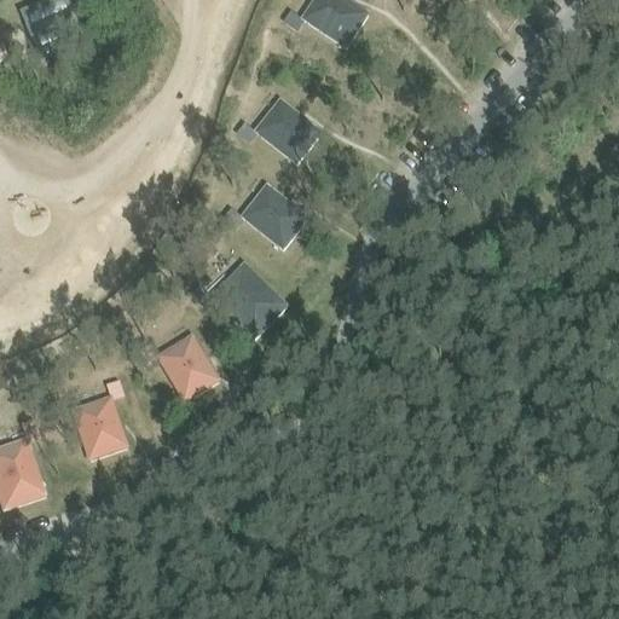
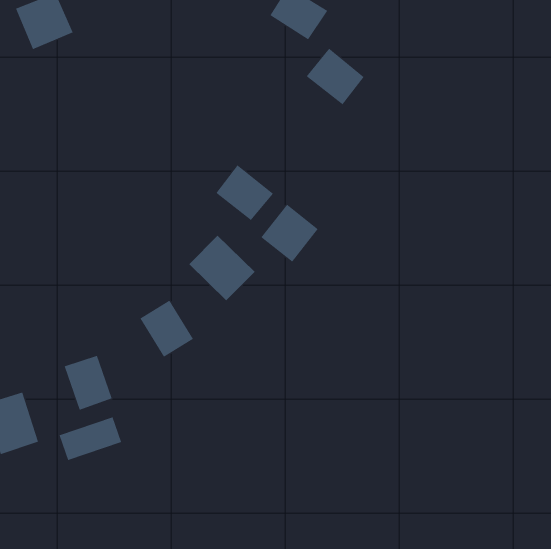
building: [254,98,319,162] -> [306,48,364,105]
building: none -> [261,204,319,262]
building: none -> [59,416,122,461]

